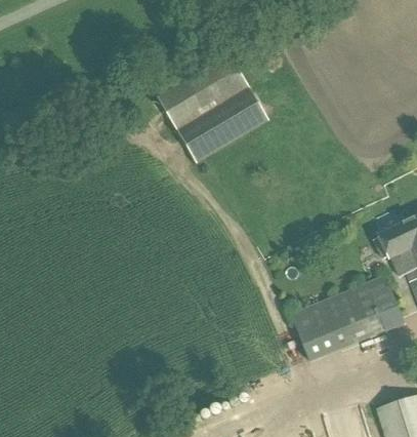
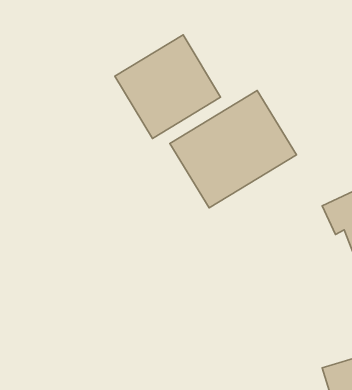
building: none -> [170,91,297,208]
building: [290,275,405,361] -> none

